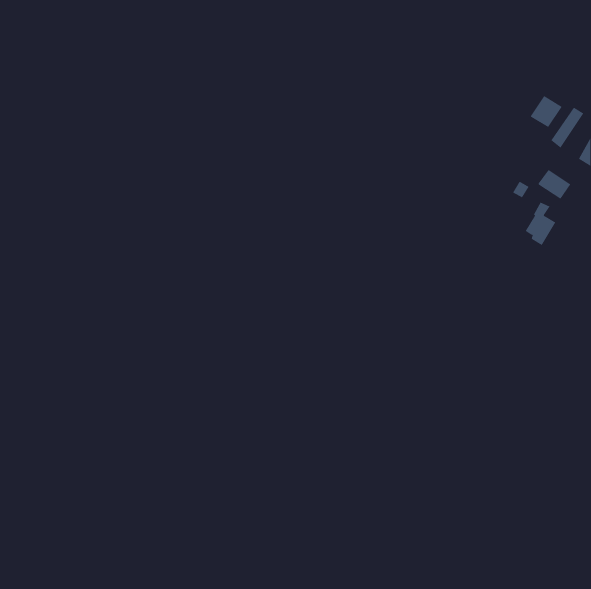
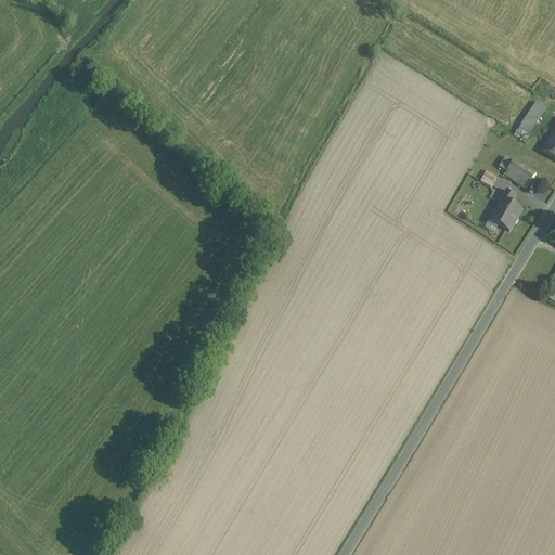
building: [530,95,562,128] -> none

